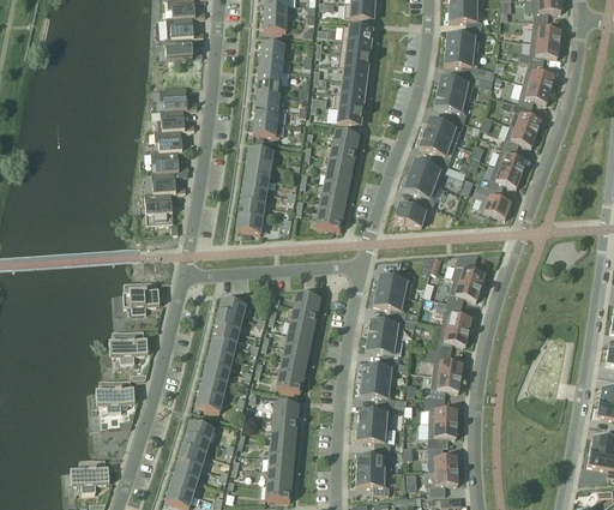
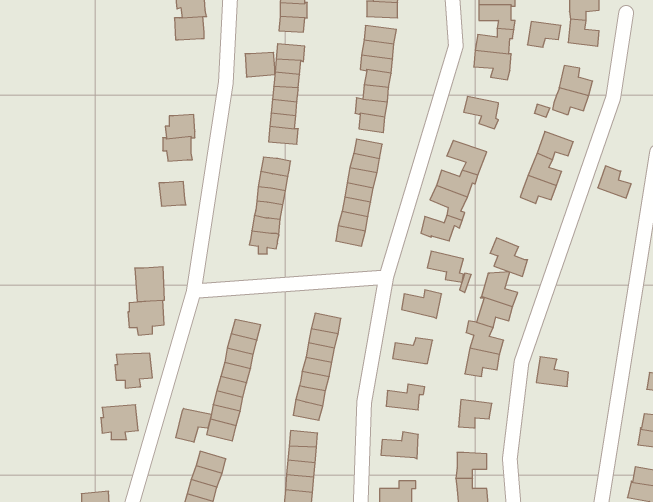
building: [164,37,192,60] -> [245,52,275,77]
building: [528,41,559,65] -> [527,22,561,47]
building: [438,73,475,100] -> none
building: [159,86,187,109] -> none
building: [510,103,541,133] -> [598,166,631,198]
building: [425,116,463,143] -> none
building: [151,150,179,172] -> none
building: [475,182,510,218] -> [490,238,528,276]
building: [145,192,173,224] -> [135,267,164,302]
building: [373,289,407,318] -> [427,251,463,282]
building: [366,335,399,361] -> none
building: [432,349,462,377] -> [536,357,568,386]
building: [360,379,393,406] -> none
building: none -> [176,408,211,442]
building: [425,397,457,424] -> none
building: [356,425,390,449] -> none

